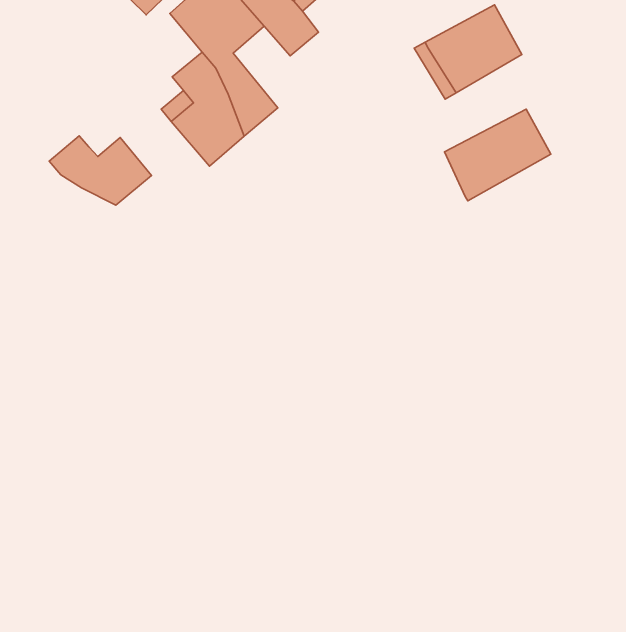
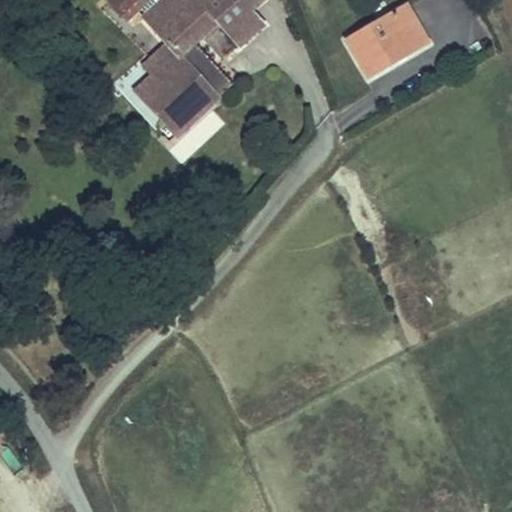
building: [445,109,551,201] -> none
building: [49,136,152,205] -> none

